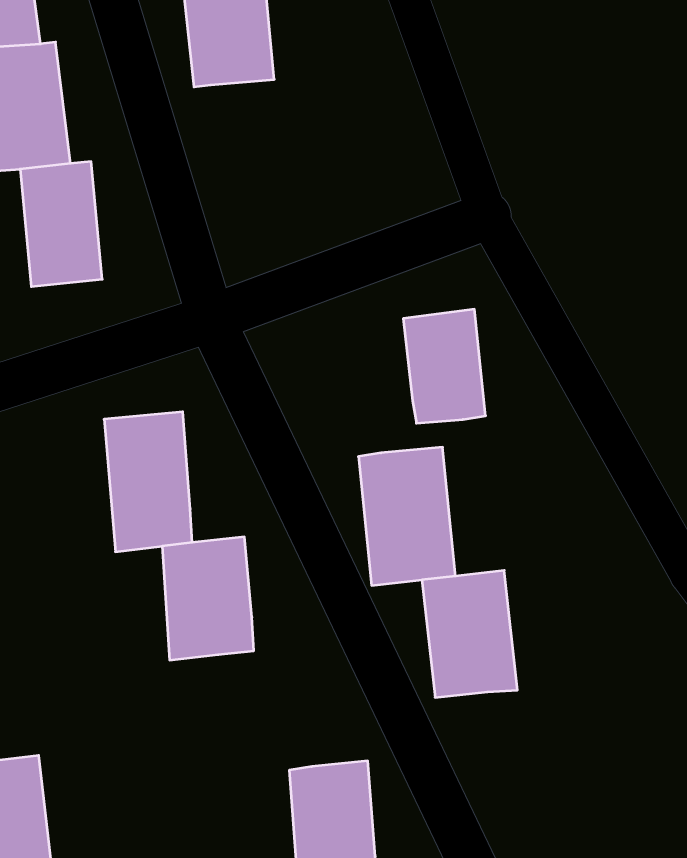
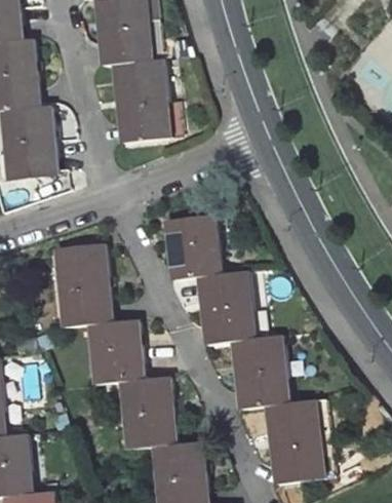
building: none -> [117,64,171,144]
building: [403,309,486,423] -> [165,211,210,274]
building: none -> [121,377,172,448]
building: none -> [269,398,319,480]

